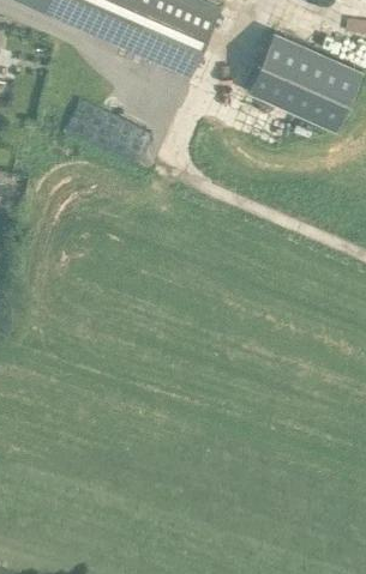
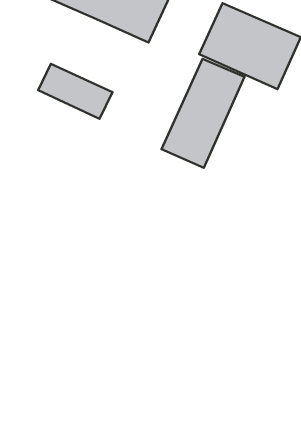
building: none -> [161,59,244,168]

